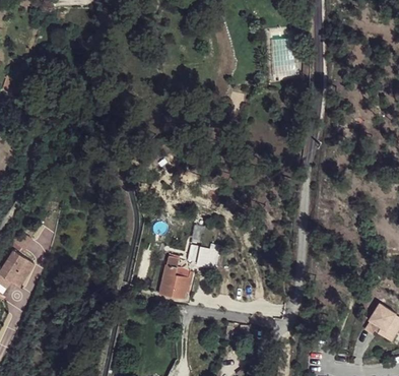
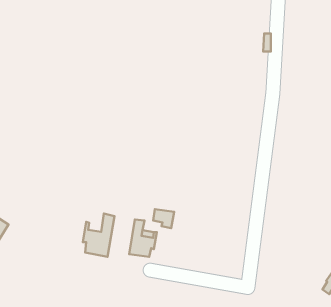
building: none -> [83,214,114,257]

